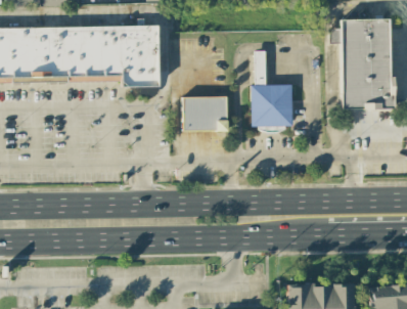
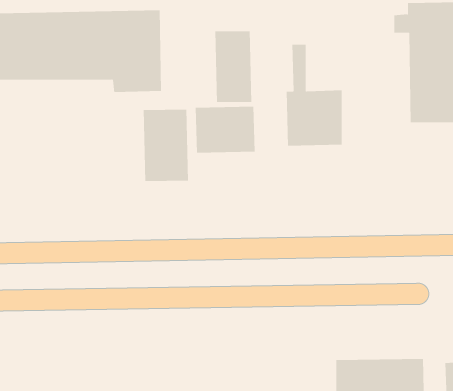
building: none -> [215,31,252,103]
building: none -> [143,109,188,182]

